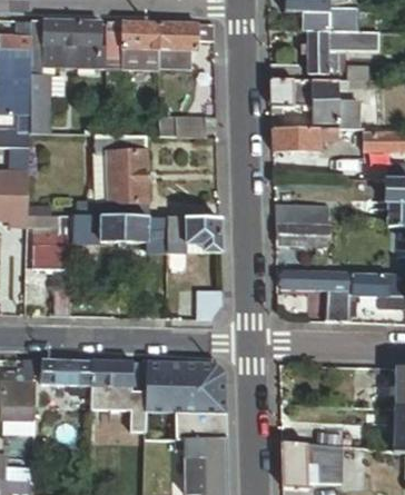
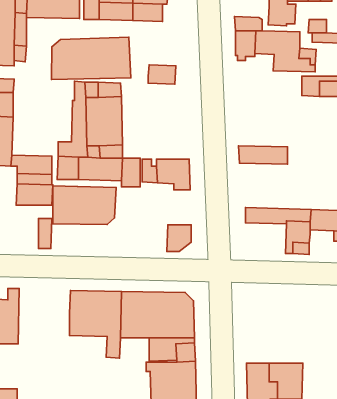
building: none -> [51,37,131,80]
building: [270,129,319,151] -> none
building: [274,224,326,247] -> none
building: none -> [53,186,116,225]
building: [40,359,90,386] -> none

